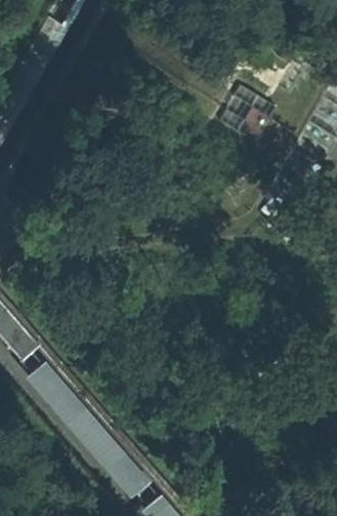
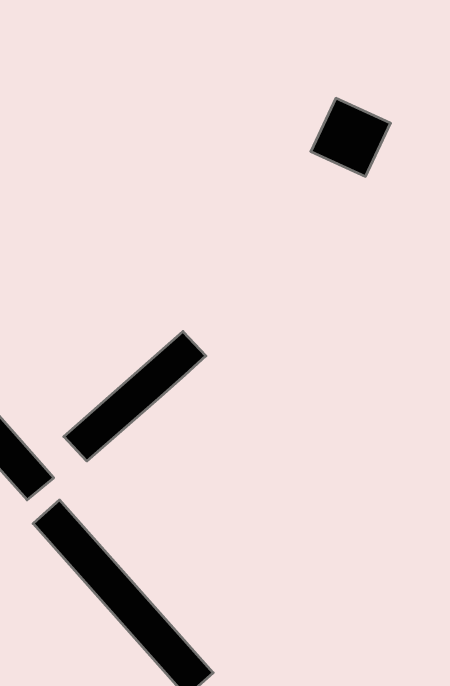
building: none -> [64,331,206,461]

